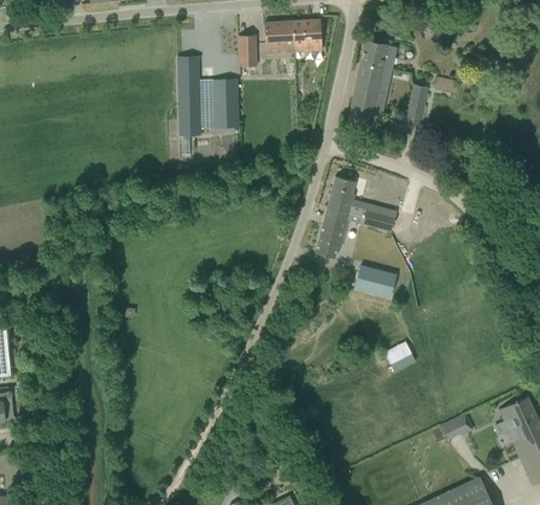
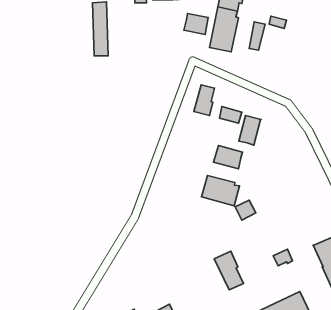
building: none -> [184,13,208,35]
building: [213,78,239,128] -> none
building: [315,215,347,258] -> [239,115,261,145]
building: none -> [201,176,239,206]
building: none -> [214,251,243,290]

